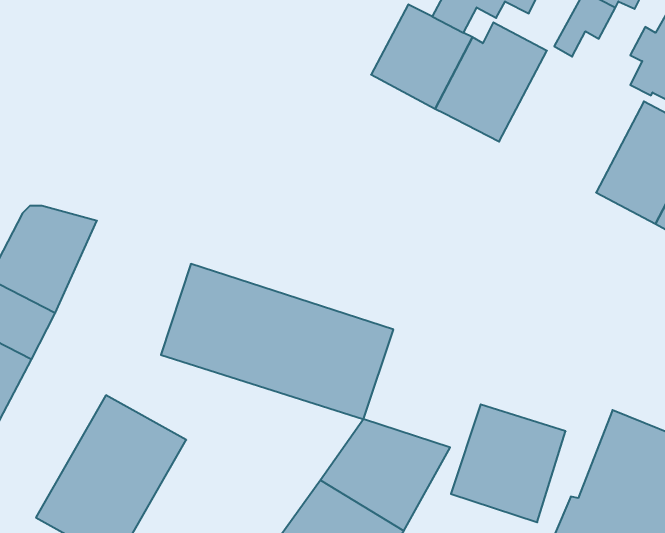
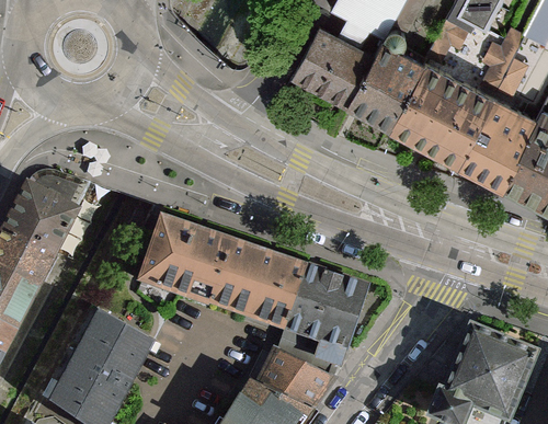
building: none -> [385,58,491,162]
building: [451,404,566,522] -> [285,263,369,349]

